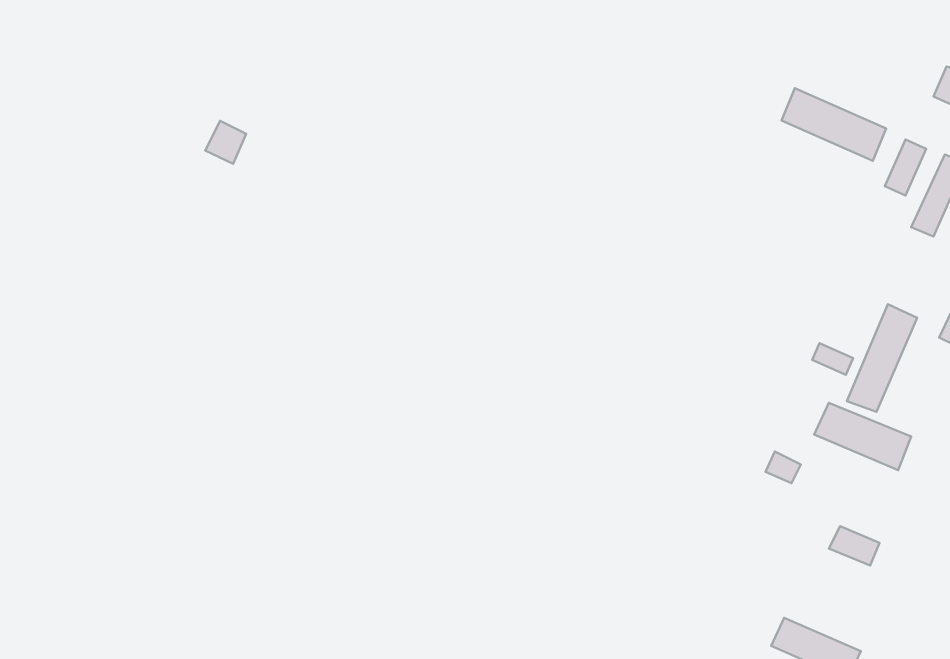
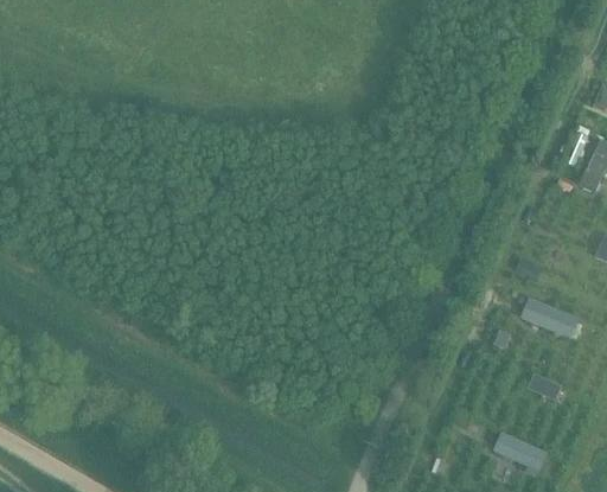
building: [782,88,886,161] -> none
building: [847,304,917,412] -> none

